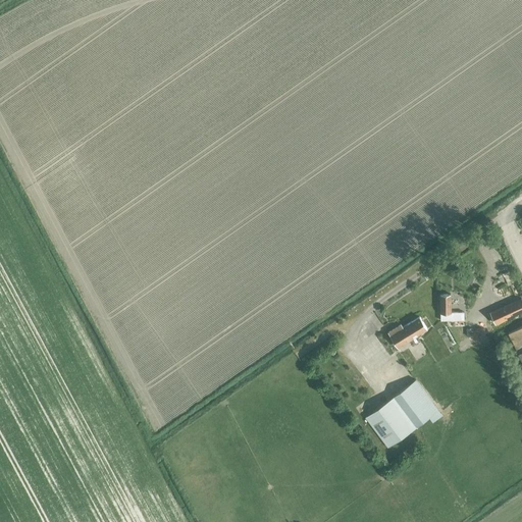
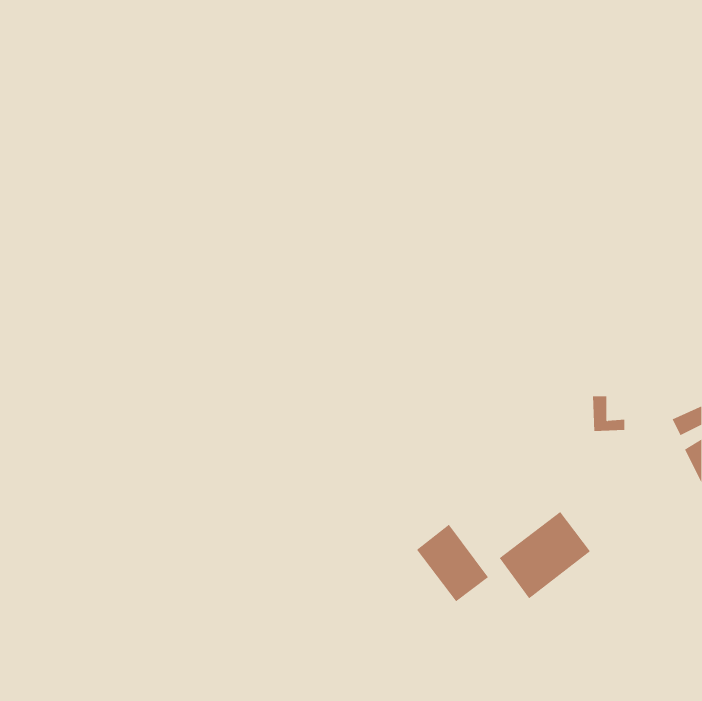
building: [389,317,427,348] -> none
building: none -> [416,524,489,602]

